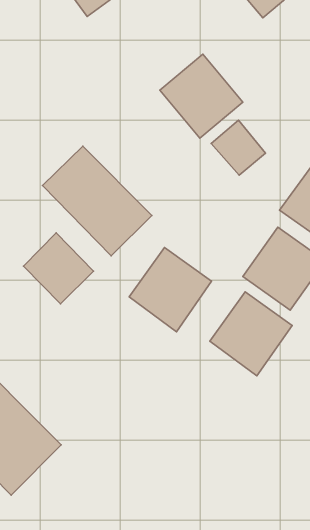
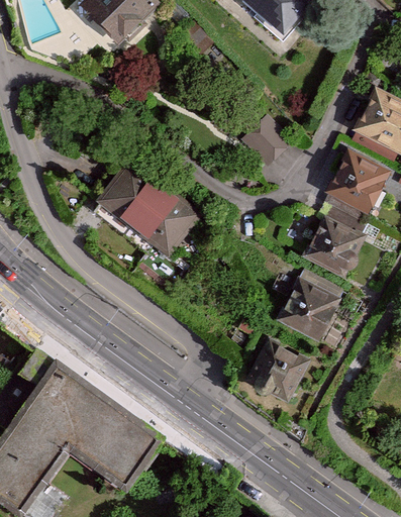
building: [160,54,243,138] -> none
building: [24,233,93,304] -> none
building: [129,248,212,332] -> [240,338,311,411]

